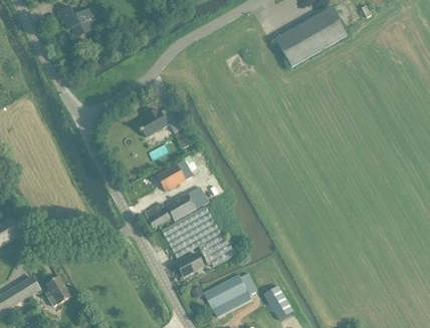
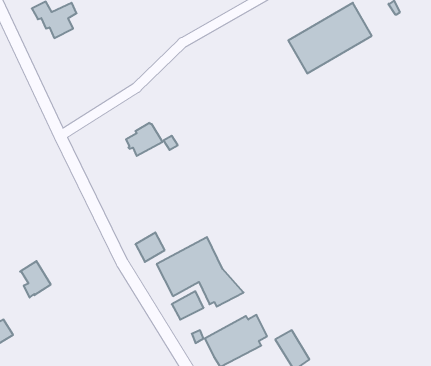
building: [157,159,194,191] -> none
building: [166,187,209,221] -> none
building: [45,276,71,307] -> [20,261,51,298]

